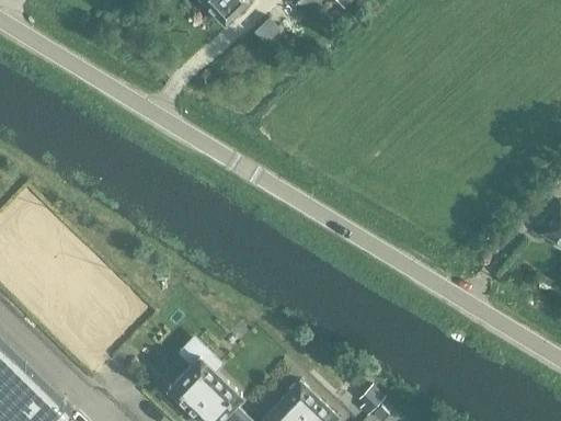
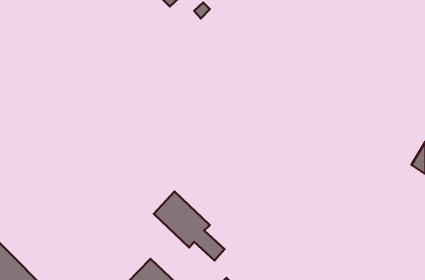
building: none -> [154,191,225,260]

